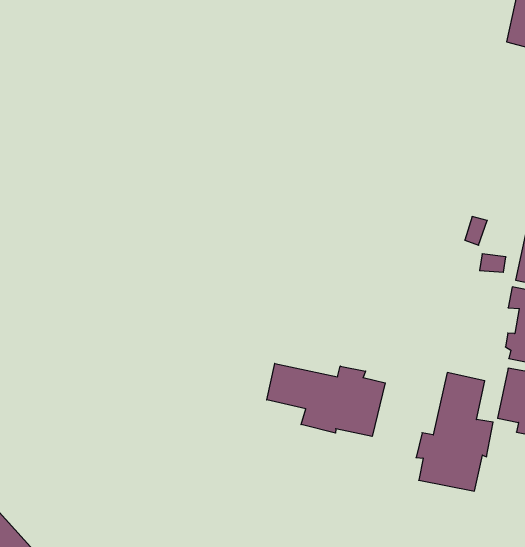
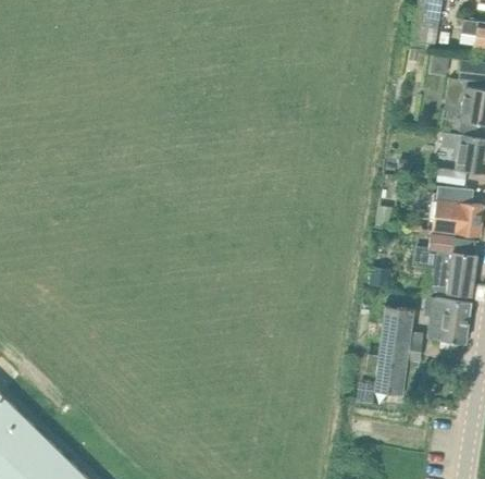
building: [267,363,385,436] -> none

